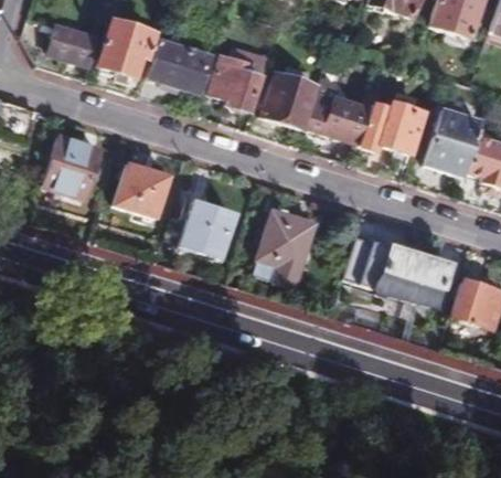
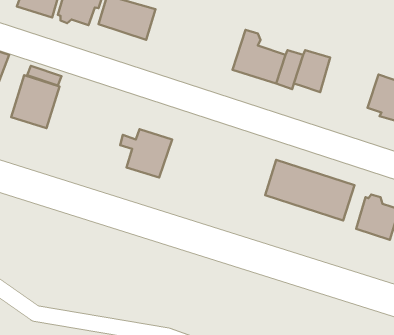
building: [211,53,264,113] -> none
building: [265,74,316,127] -> none
building: [431,110,483,177] -> none
building: [118,164,170,214] -> none
building: [259,208,316,283] -> none

